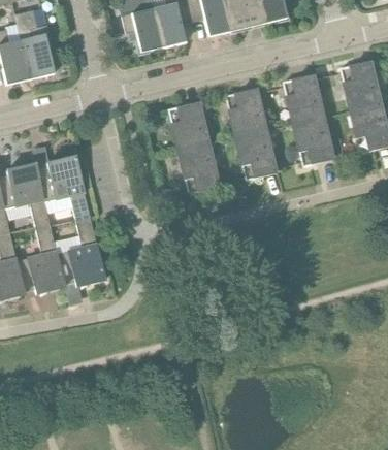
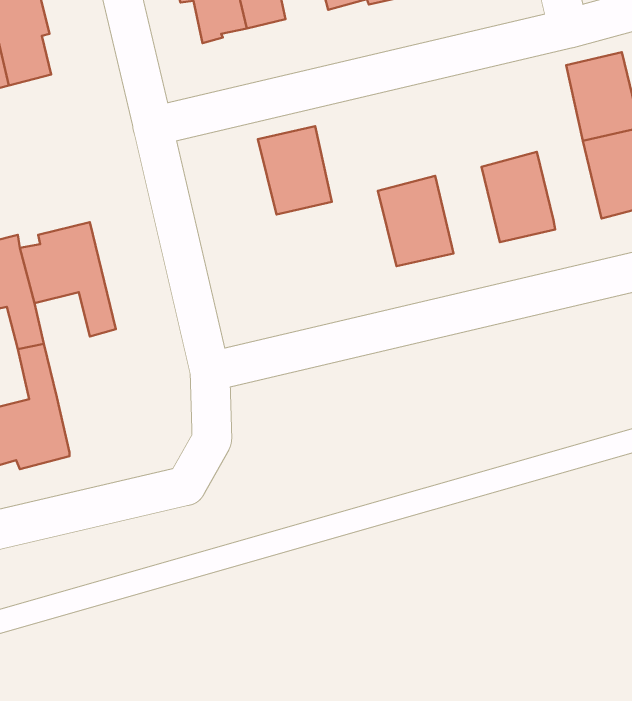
building: [283,72,324,123] -> none
building: [226,87,267,136] -> none
building: [179,142,220,192] -> none
building: [56,214,103,285] -> none

